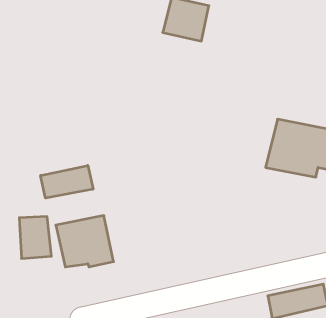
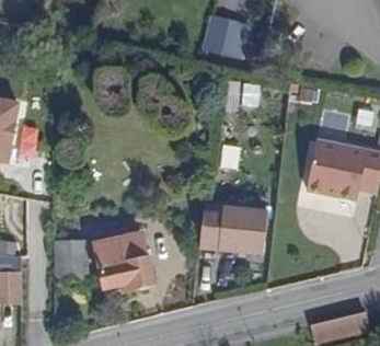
building: [41,165,93,198] -> none
building: none -> [199,208,266,254]

